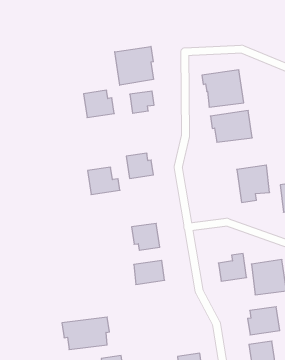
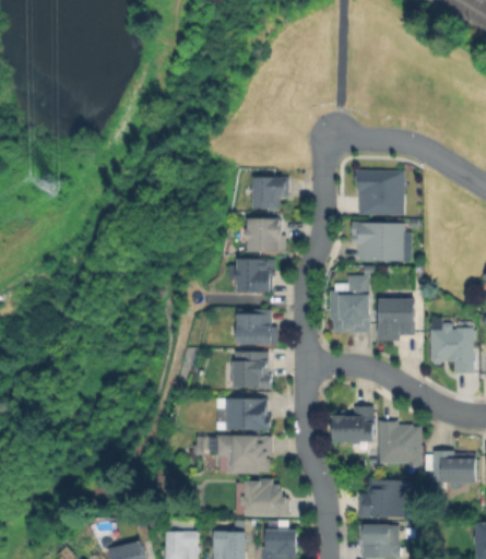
building: [115,46,153,85] -> none
building: [84,90,114,118] -> [249,218,285,250]
building: none -> [333,277,370,334]
building: [88,167,120,195] -> [240,311,278,343]
building: [62,317,109,350] -> [214,435,274,472]
building: none -> [247,483,282,515]

